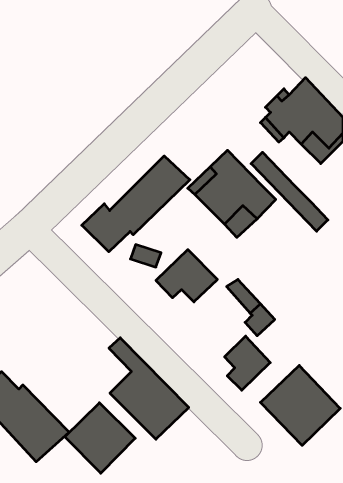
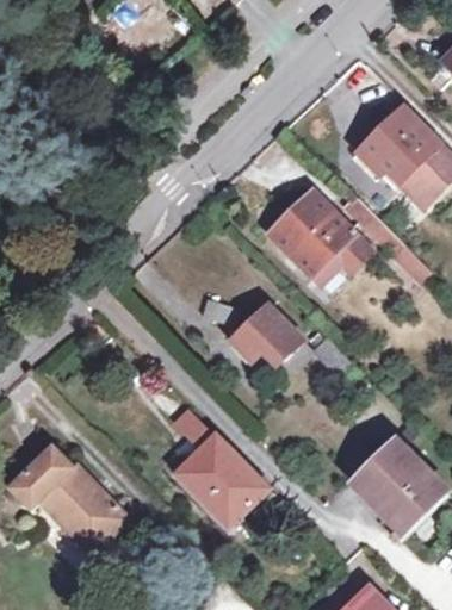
building: [82,156,190,252] -> none
building: [225,336,270,390] -> none
building: [65,403,135,473] -> none

